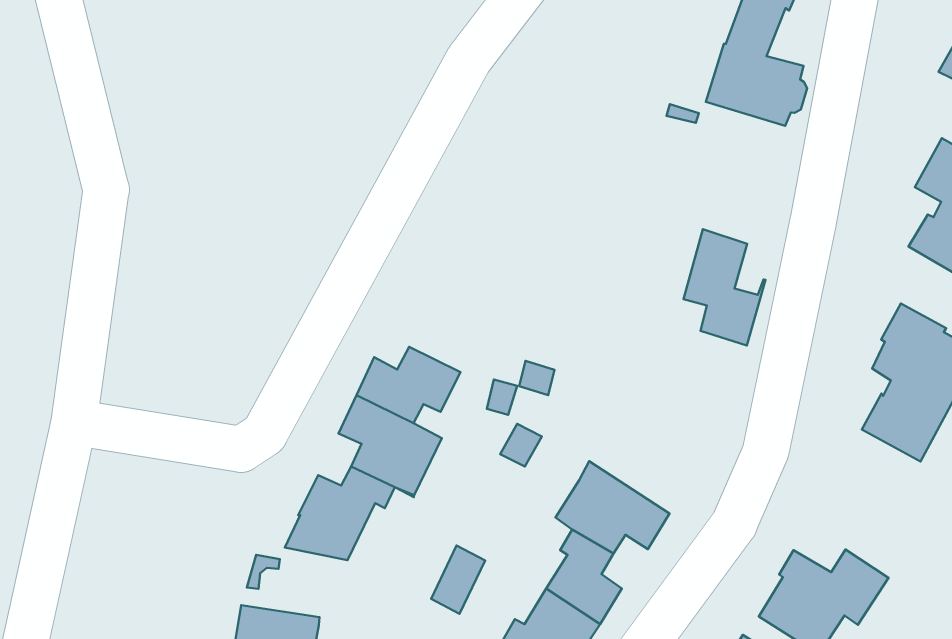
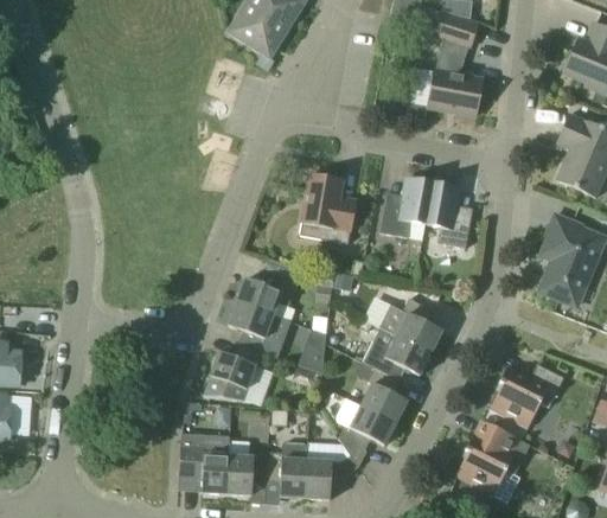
building: none -> [302,174,356,243]
building: none -> [379,177,433,237]
building: none -> [378,298,442,352]
building: [431,546,485,614] -> [299,325,328,365]

